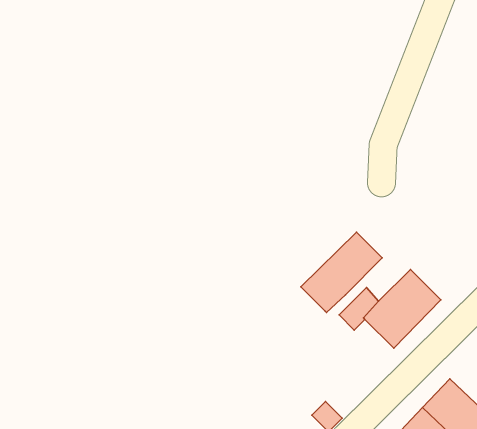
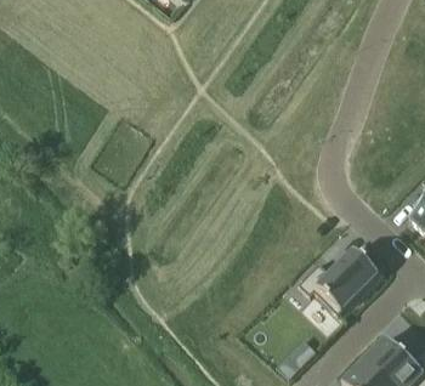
building: [301,232,382,312] -> none

